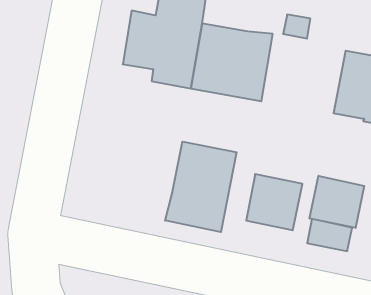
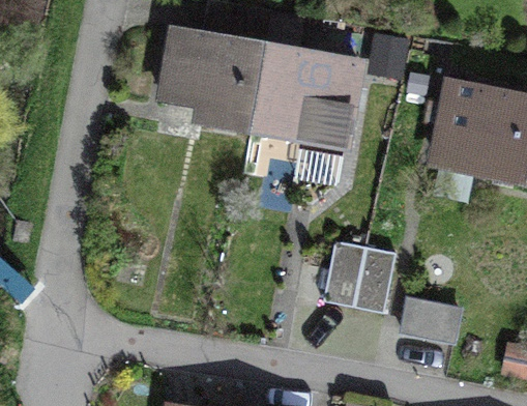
building: [165,142,237,232] -> none
building: [310,176,364,228] -> none

